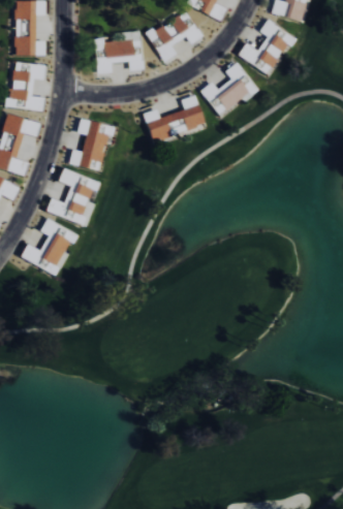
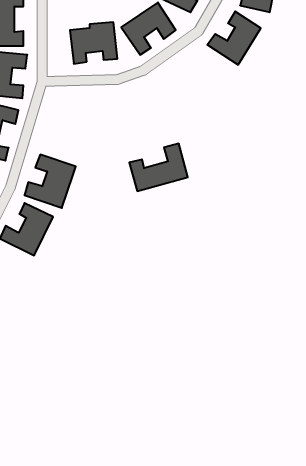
building: [201,62,257,117] -> none
building: [144,92,205,141] -> [129,144,188,191]
building: [70,119,112,168] -> none

